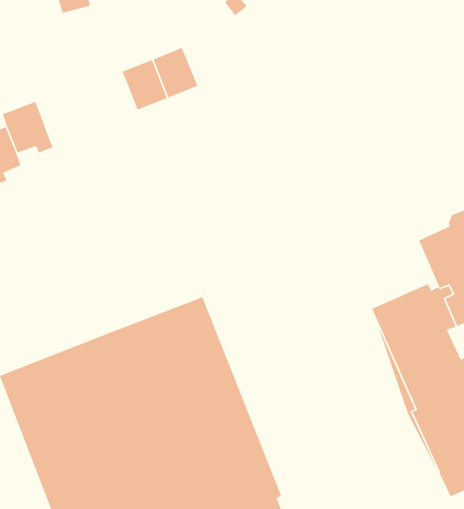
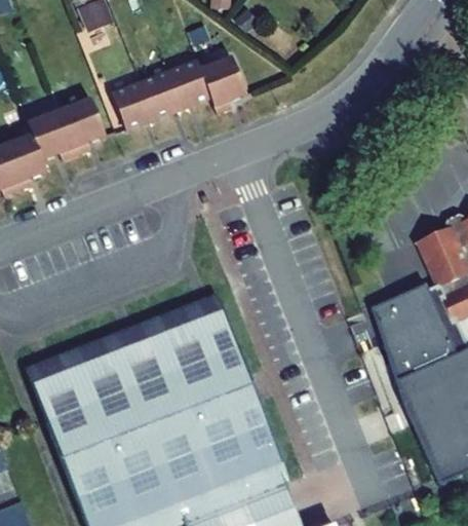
building: none -> [200,59,245,114]
building: none -> [111,84,154,132]
building: none -> [60,100,105,156]

